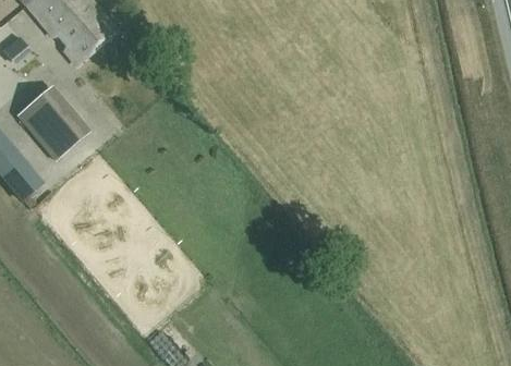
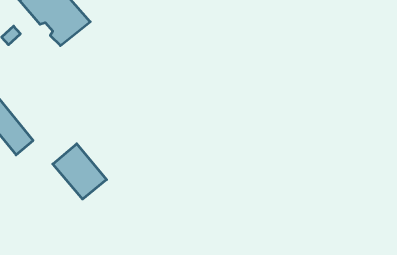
building: [19,88,87,159] -> [53,144,107,199]

